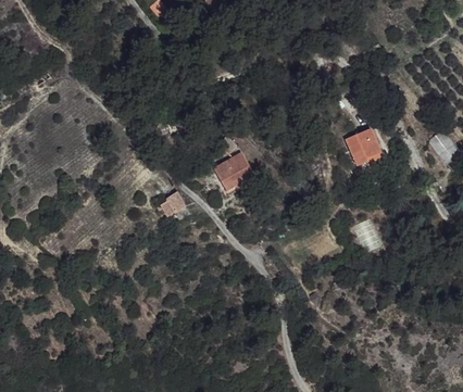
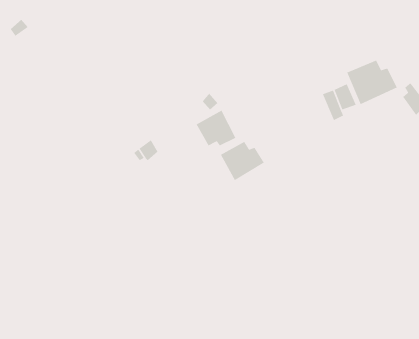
building: none -> [346,59,398,105]
building: none -> [220,141,265,181]

